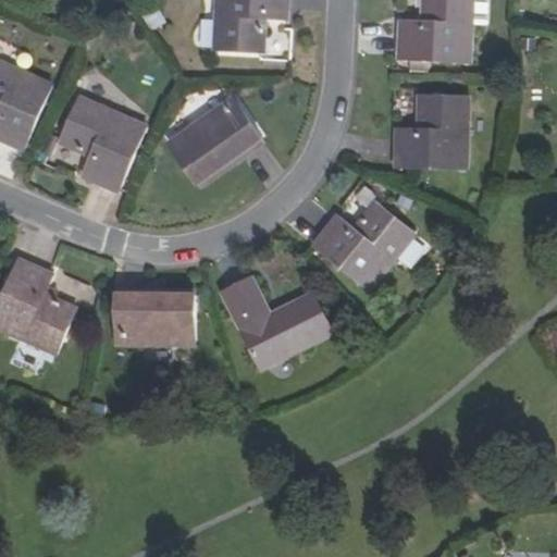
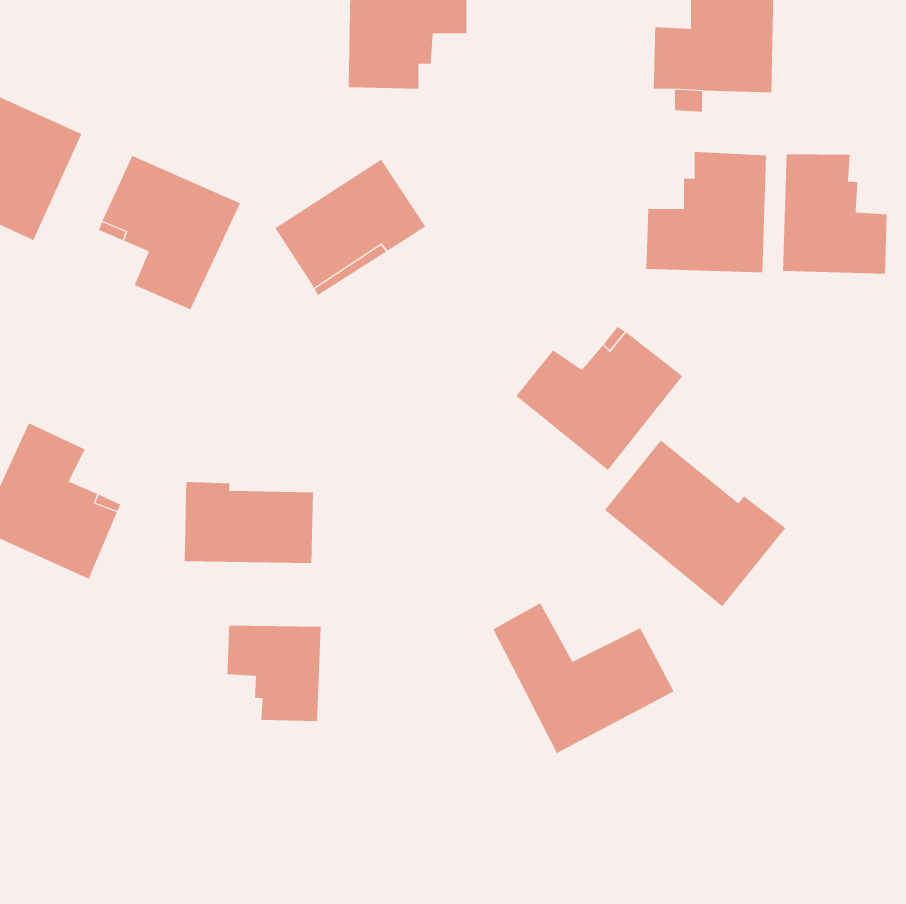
building: none -> [783,154,887,274]
building: none -> [604,440,786,607]
building: [220,276,331,369] -> [492,602,674,754]
building: none -> [227,625,321,722]

